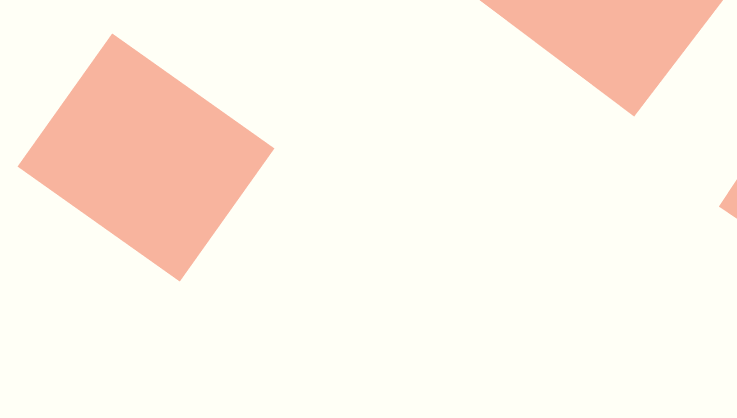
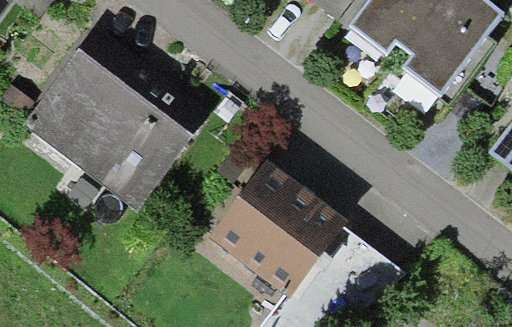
building: none -> [212,162,342,290]

